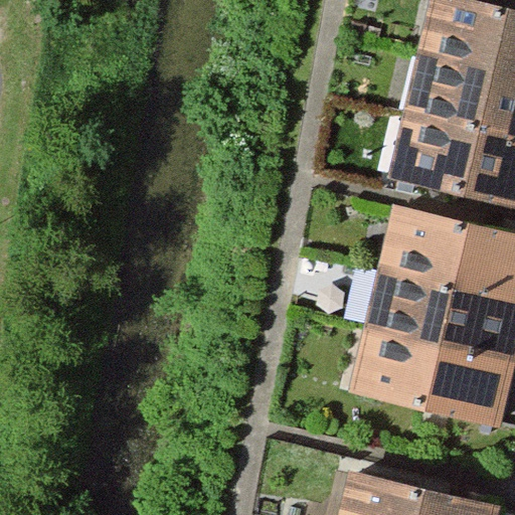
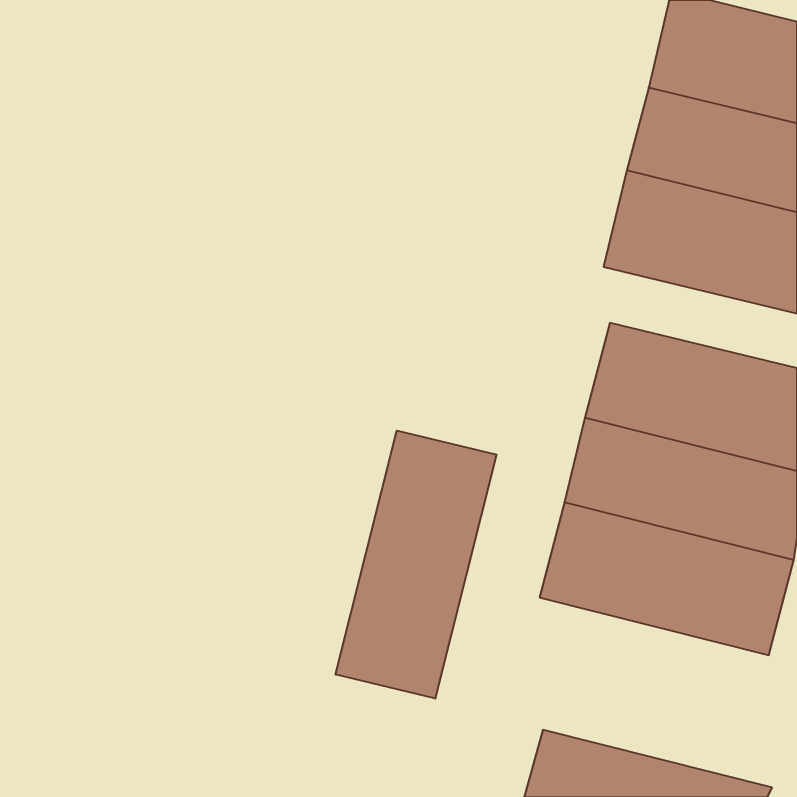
building: none -> [336,431,497,699]

